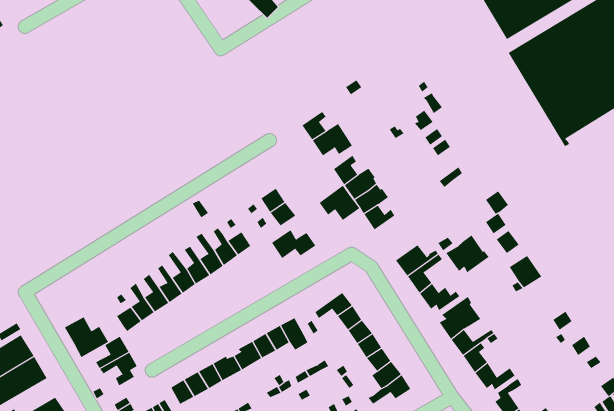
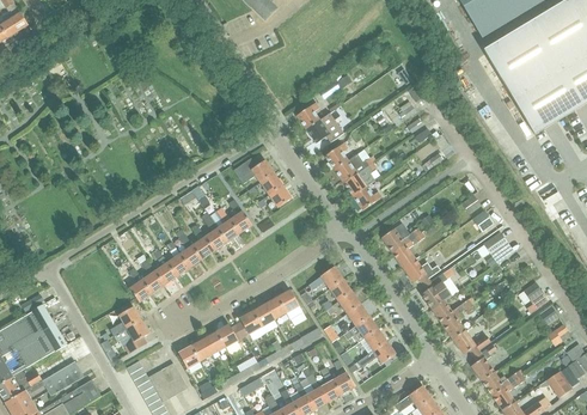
building: [319,185,360,221] -> none
building: [271,230,316,259] -> [233,158,274,184]
building: [446,235,490,273] -> none
building: [64,316,109,358] -> none

